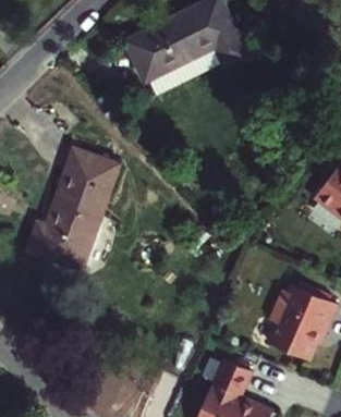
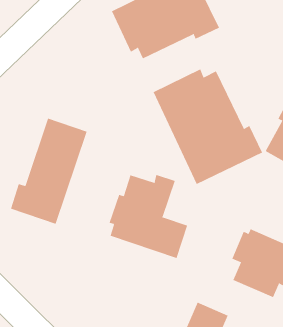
building: none -> [153,68,263,185]
building: none -> [109,174,188,259]

